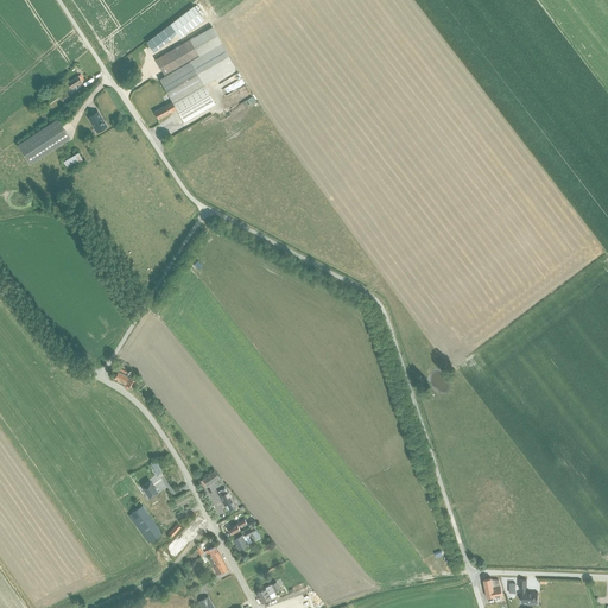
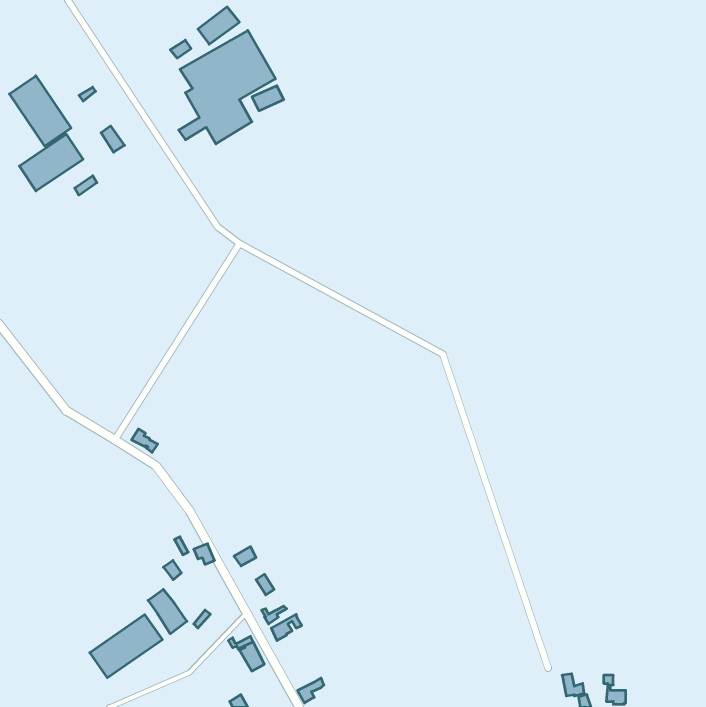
building: none -> [9,76,71,146]
building: none -> [90,615,162,678]

